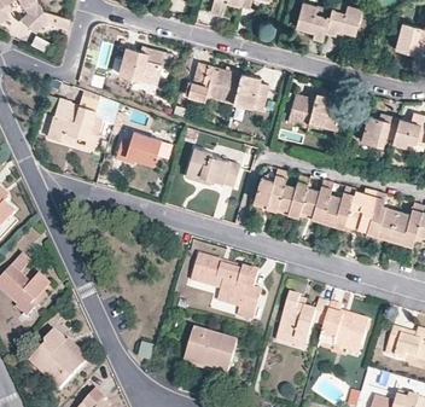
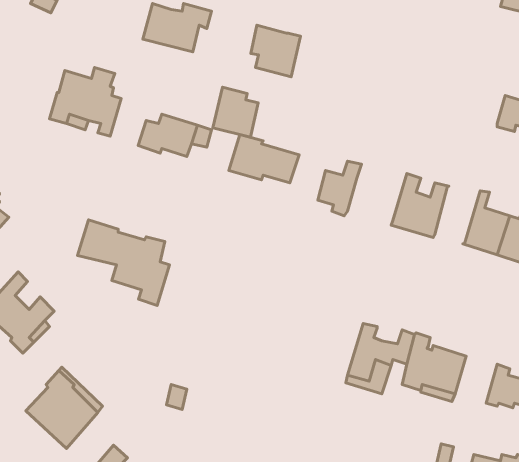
building: [233,71,268,110] -> [213,87,258,137]
building: [286,91,339,129] -> none
building: [361,115,398,146] -> none
building: [276,174,319,216] -> none
building: [344,186,379,232] -> none
building: [190,254,261,320] -> [78,220,170,306]
building: [184,327,237,373] -> none

